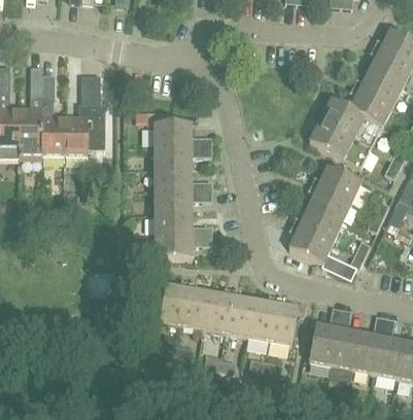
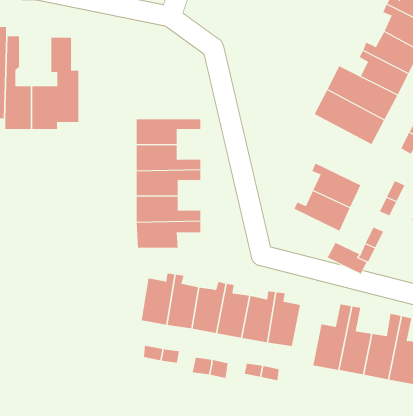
building: [154,111,211,146] -> none
building: [310,167,360,204] -> none
building: [288,224,332,265] -> none

